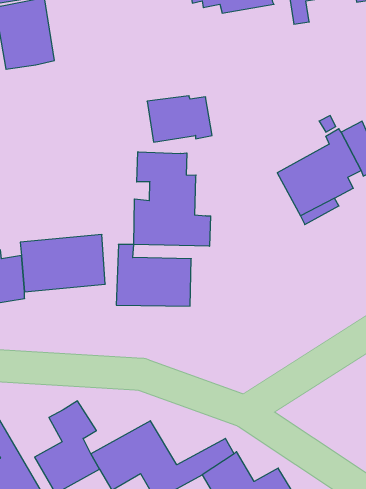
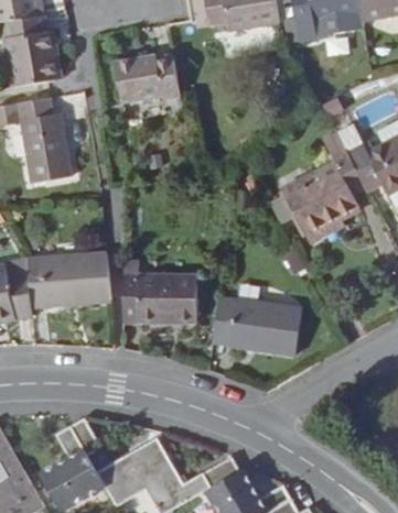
building: none -> [15,97,72,184]
building: [147,96,212,142] -> [115,56,180,102]
building: [134,152,211,246] -> none
building: none -> [211,296,301,357]

